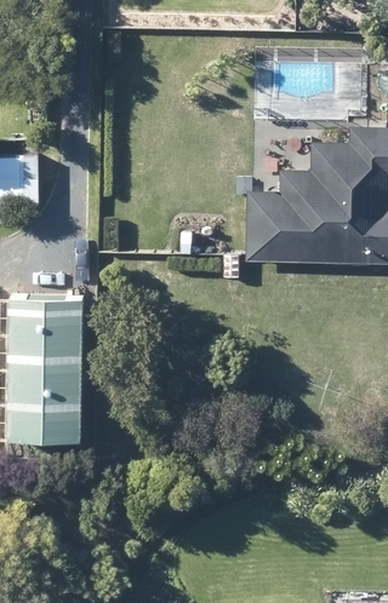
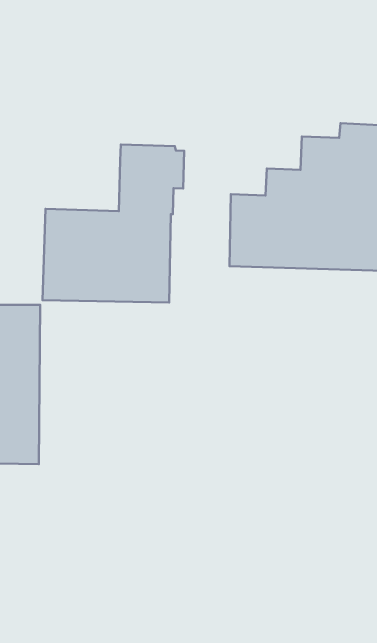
building: none -> [43,145,184,302]

